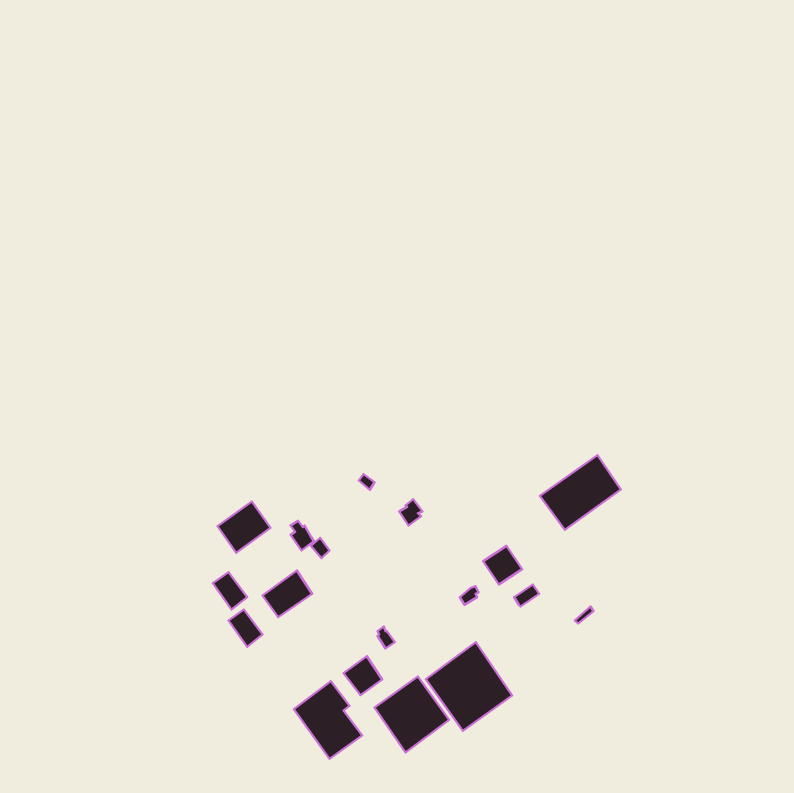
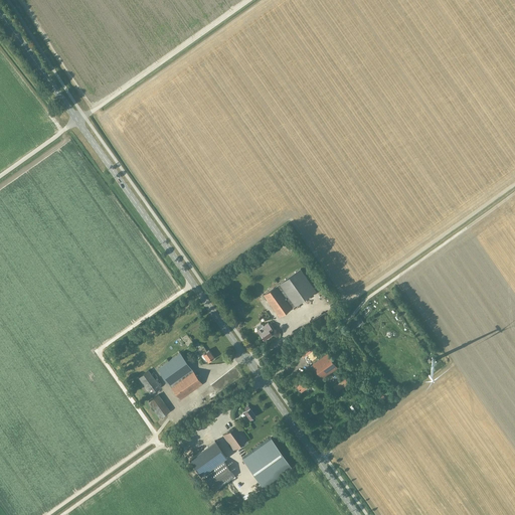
building: [540,455,621,530] -> [264,270,316,318]
building: [218,501,270,553] -> [158,353,192,386]
building: [426,642,512,731] -> none

